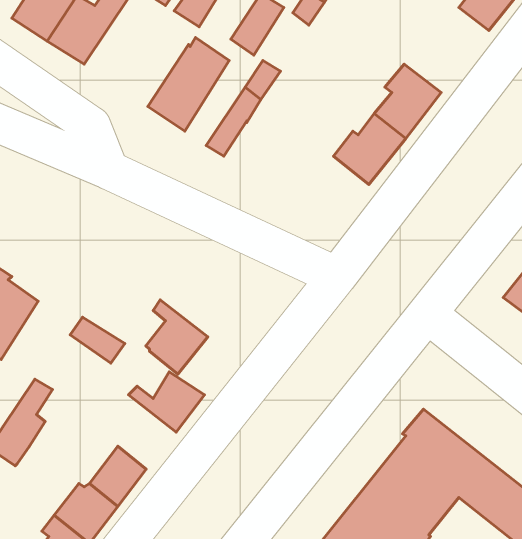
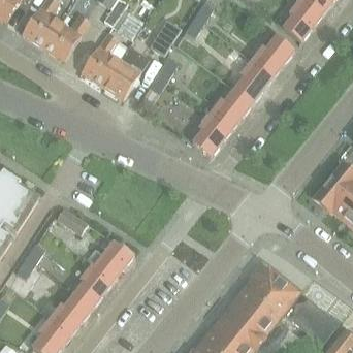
building: none -> [81,30,125,85]
building: none -> [251,35,294,76]
building: none -> [192,114,230,156]
building: [146,300,208,374] -> [82,253,118,296]

